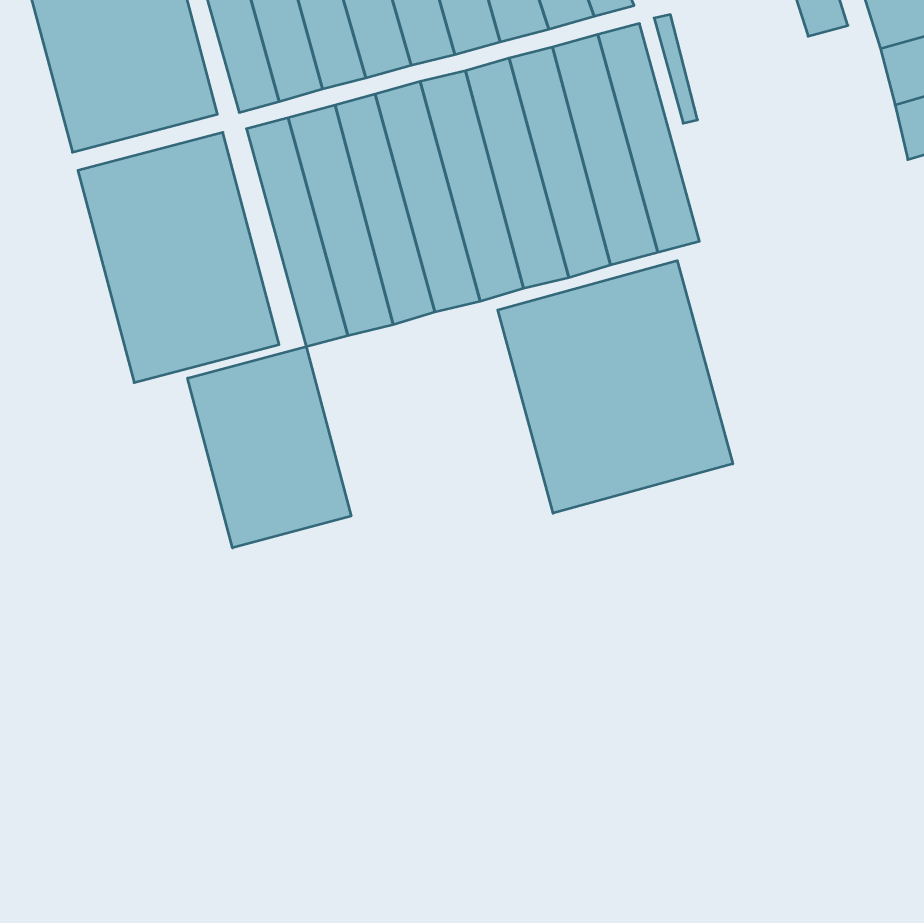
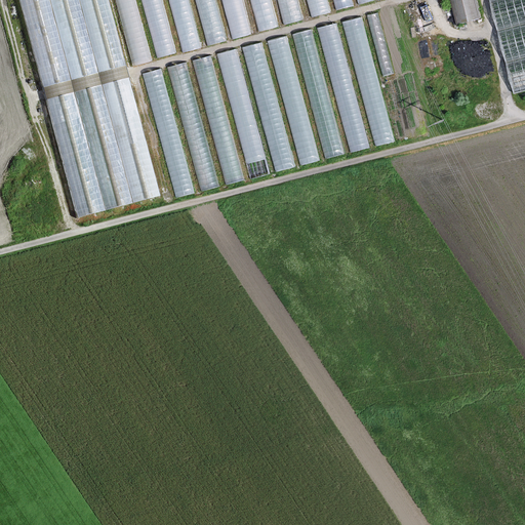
building: [498,261,733,513] -> none
building: [188,346,351,548] -> none

